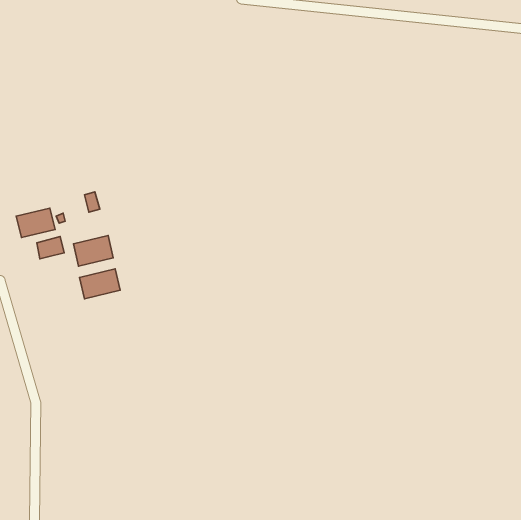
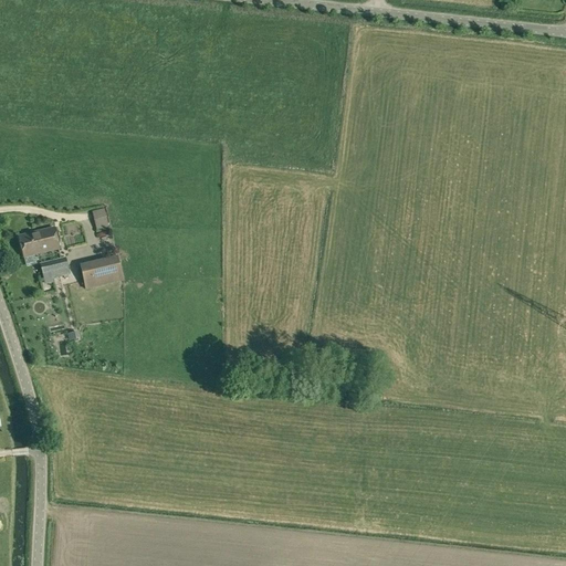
building: [79,269,120,299] -> none

